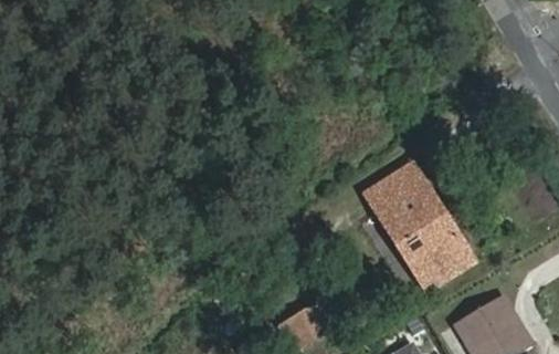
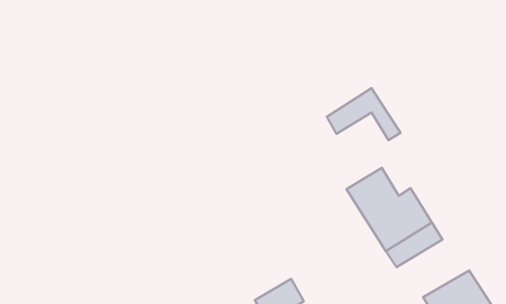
building: [366,163,442,217] -> [327,88,400,140]

